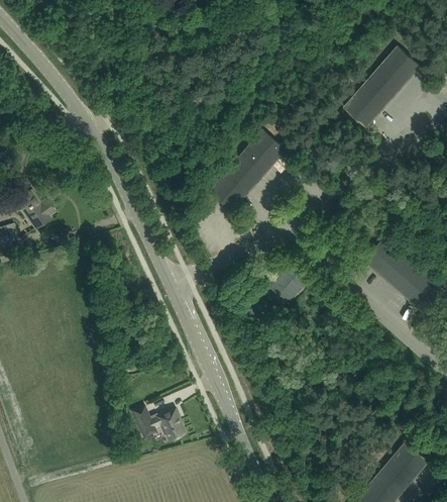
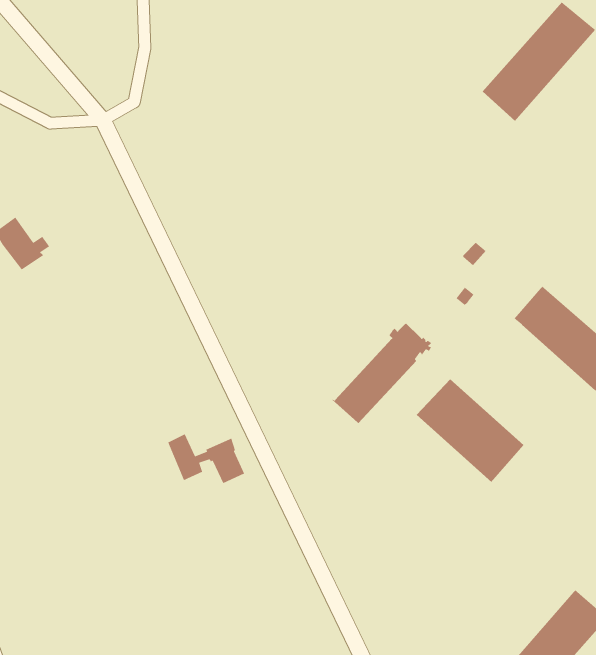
building: [209,129,285,210] -> none
building: none -> [416,379,525,483]
building: [132,405,185,439] -> [167,433,245,484]

